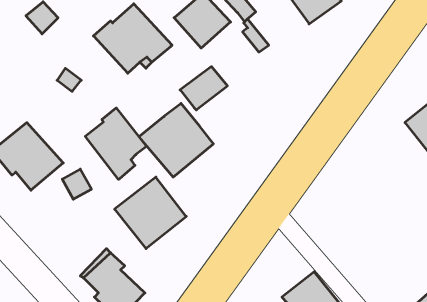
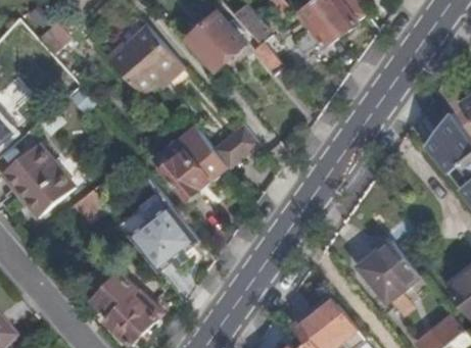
building: [180,67,227,110] -> [214,125,262,168]
building: [85,108,146,179] -> none
building: none -> [358,240,419,302]

